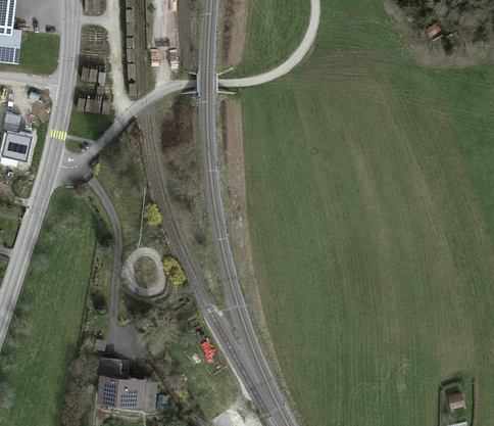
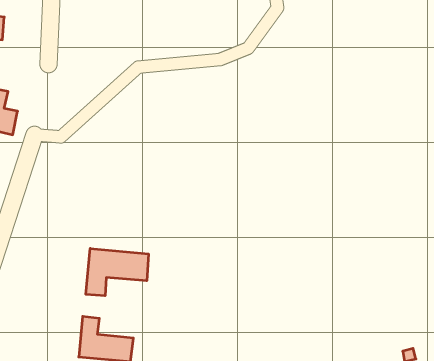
building: none -> [86,248,148,296]

